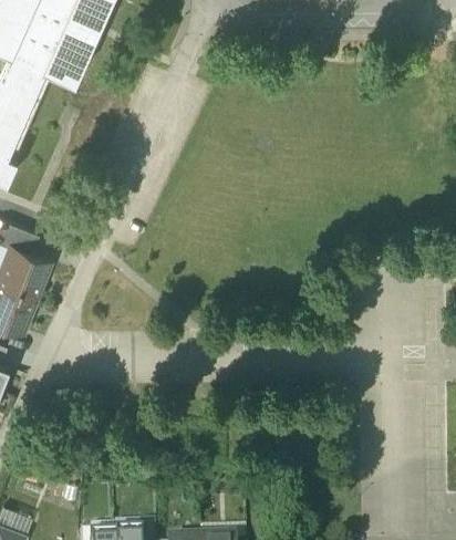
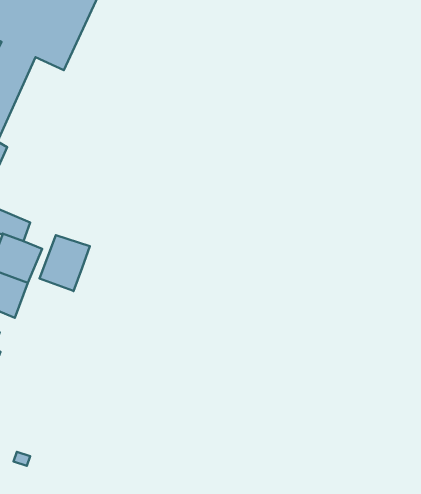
building: none -> [39,235,90,291]

